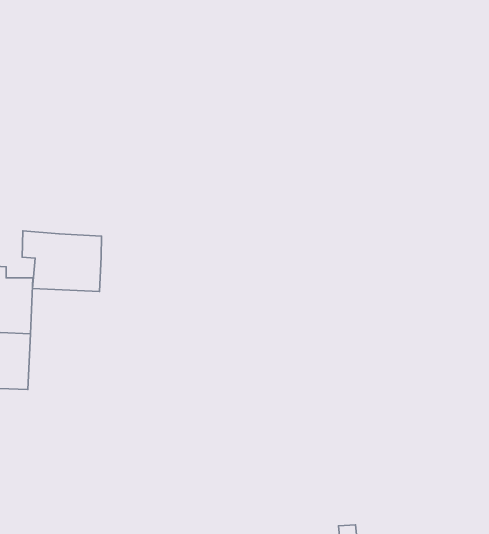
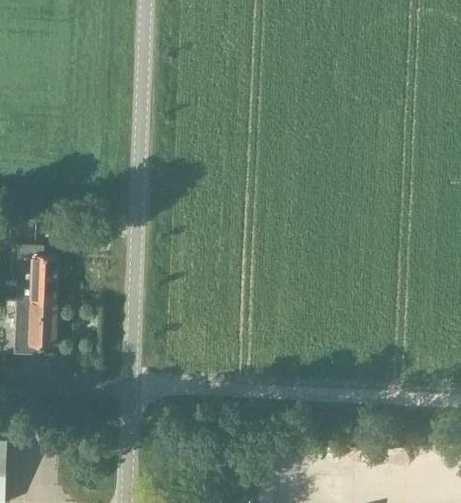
building: [22,231,102,291] -> none

